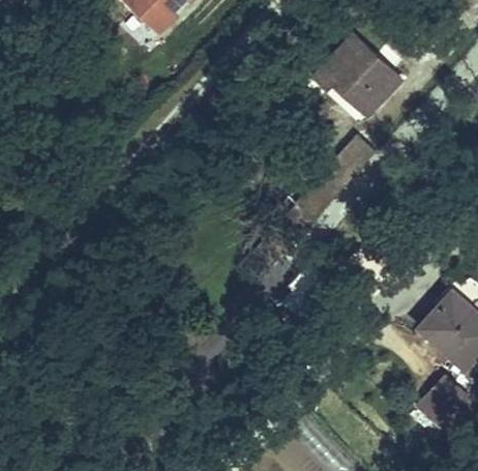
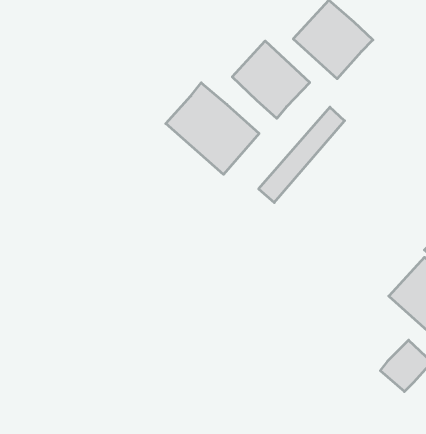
building: none -> [232,41,310,118]
building: none -> [166,83,259,174]

